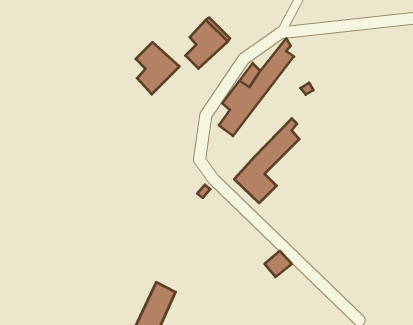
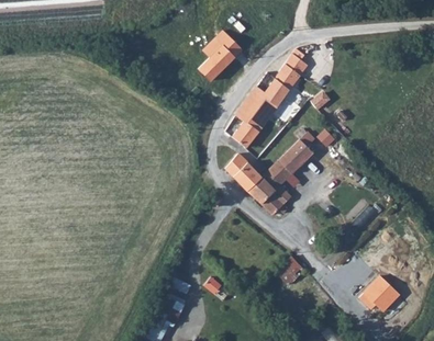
building: [136,42,179,94] -> none
building: none -> [224,156,258,191]
building: none -> [364,275,400,311]

